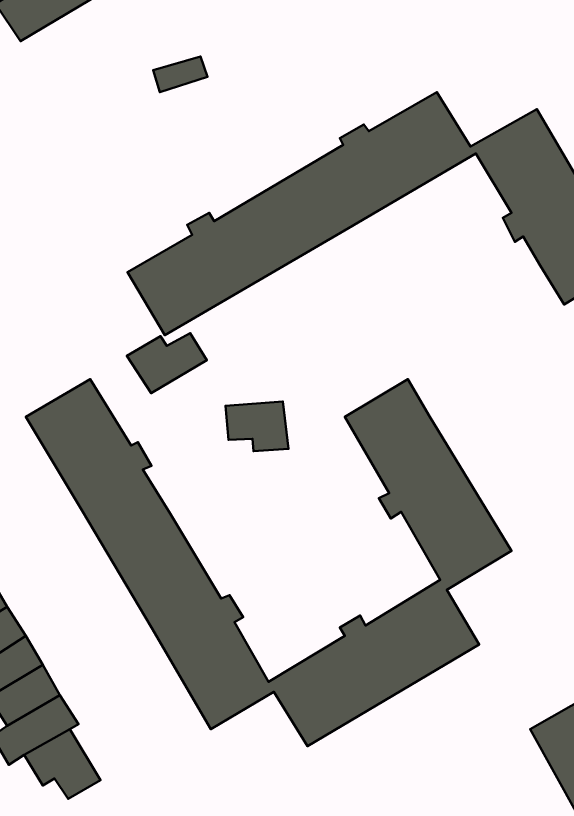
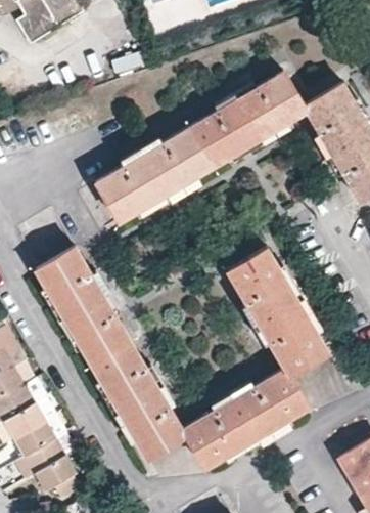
building: [127,333,207,393] -> none
building: [225,401,288,451] -> none

